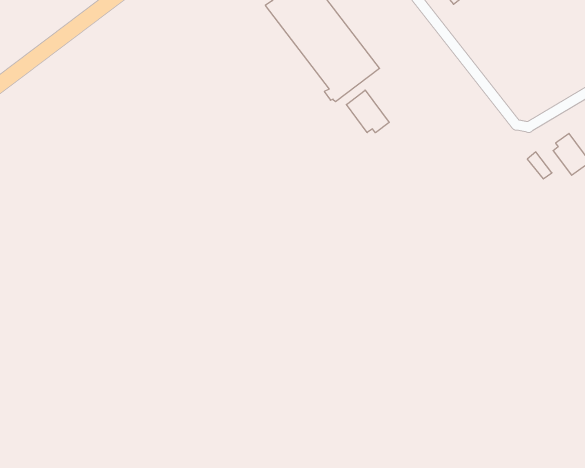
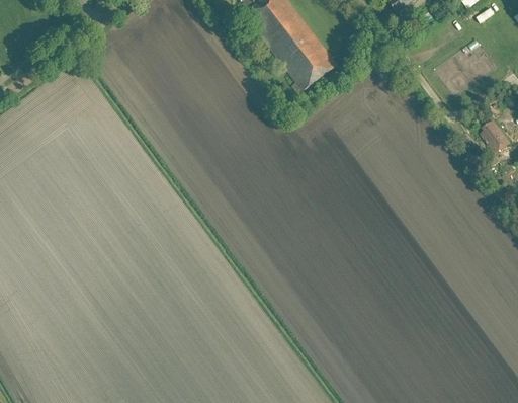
building: [346,90,389,133] -> none

